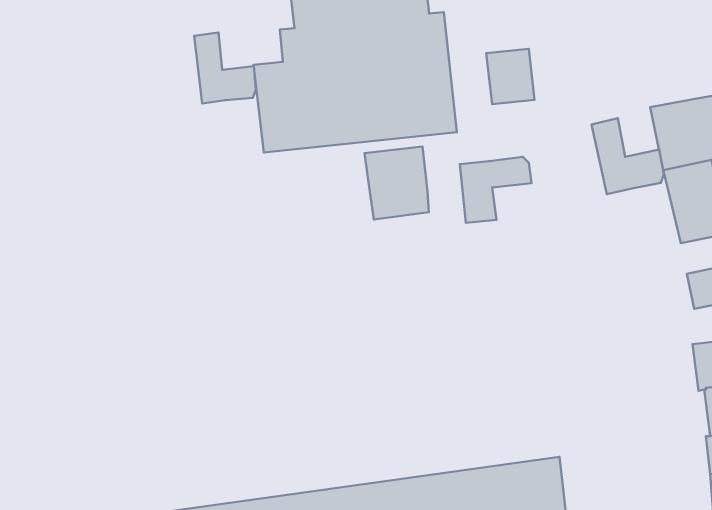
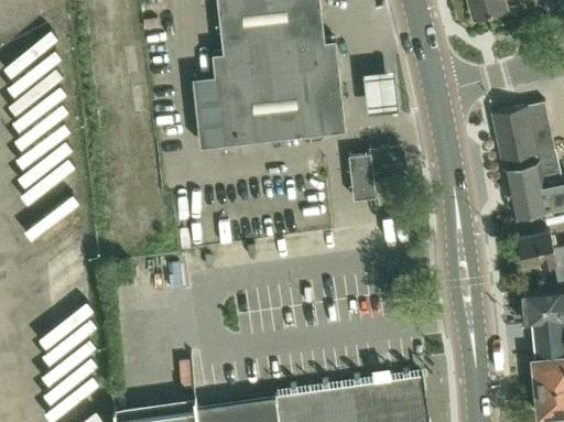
building: [194,32,256,103] -> none
building: [592,118,664,194] -> none
building: [364,146,429,219] -> none

